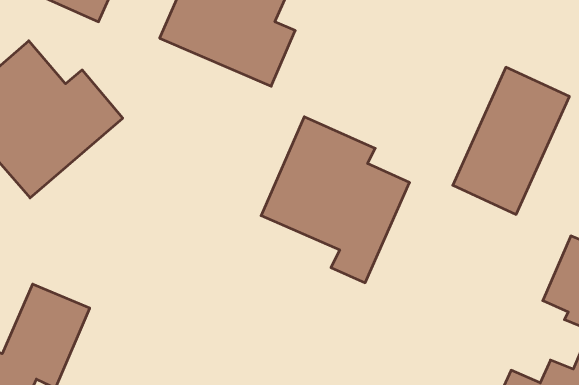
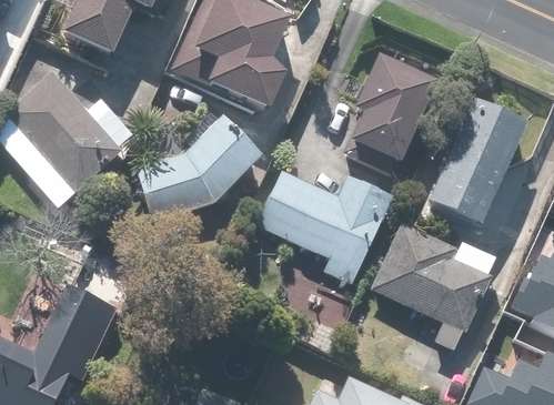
building: none -> [341,55,437,178]
building: none -> [137,120,262,223]
building: none -> [369,223,497,335]

